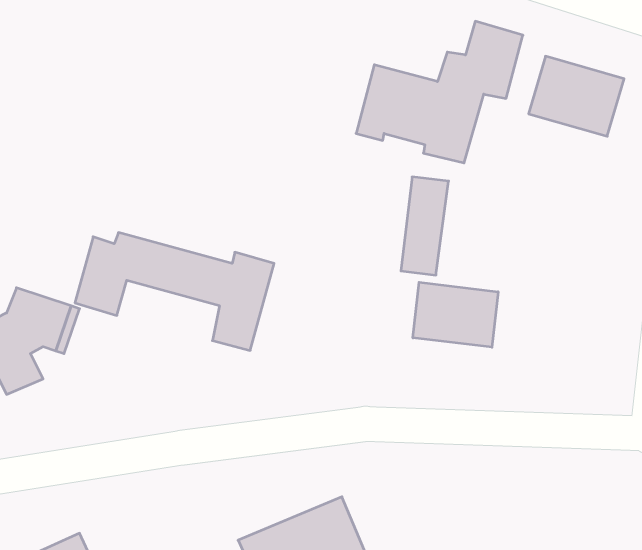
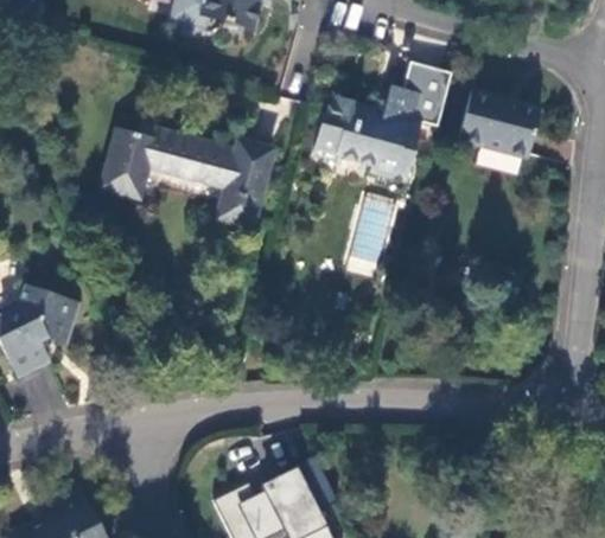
building: [75,233,274,350] -> [102,129,270,229]
building: [413,282,498,347] -> none

